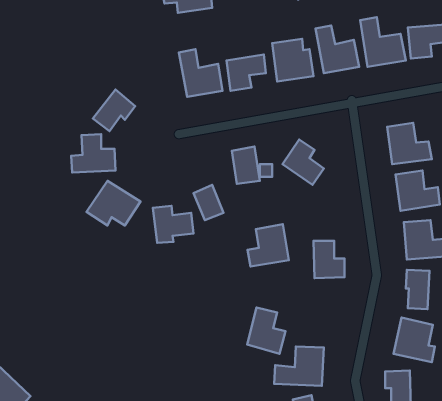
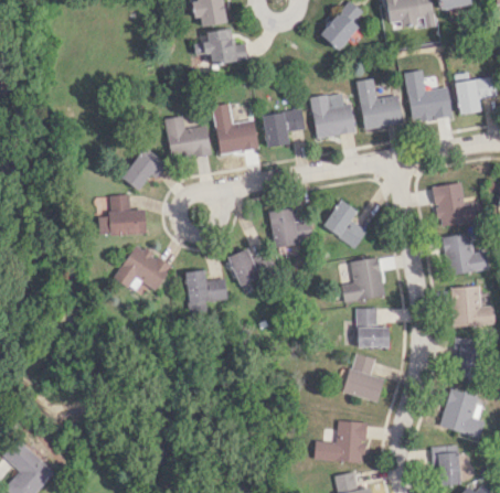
building: none -> [164,116,211,160]
building: [248,224,289,267] -> [342,257,386,302]
building: [247,307,286,354] -> [343,353,384,403]

